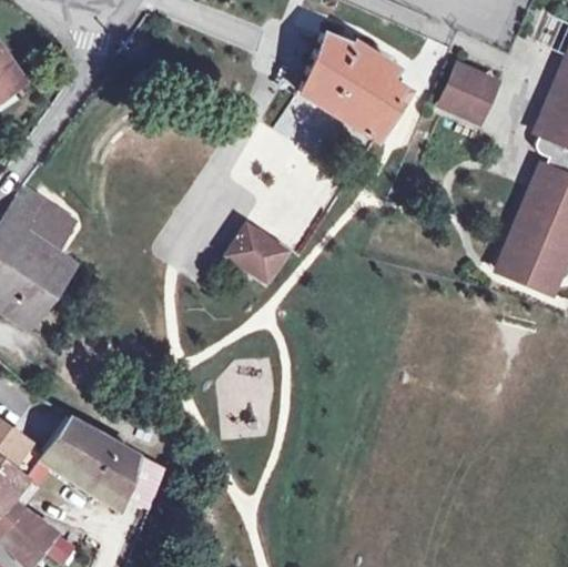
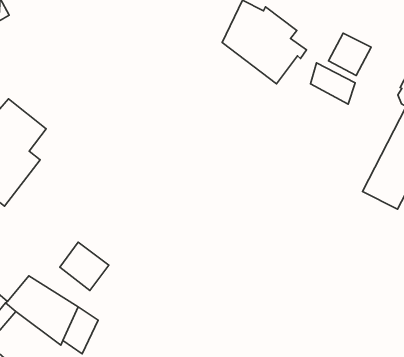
building: none -> [311,63,355,104]
building: [226,227,284,282] -> none
building: none -> [60,242,109,290]

